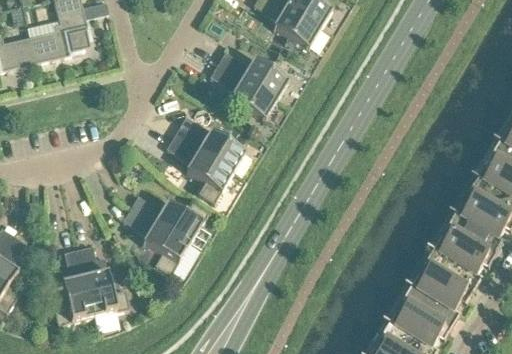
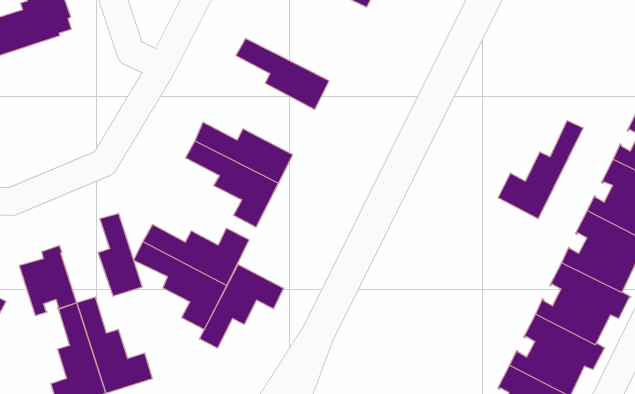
building: [215,50,287,99] -> none
building: none -> [498,121,583,219]
building: none -> [98,213,142,296]
building: none -> [19,245,76,316]
building: none -> [199,265,284,348]

